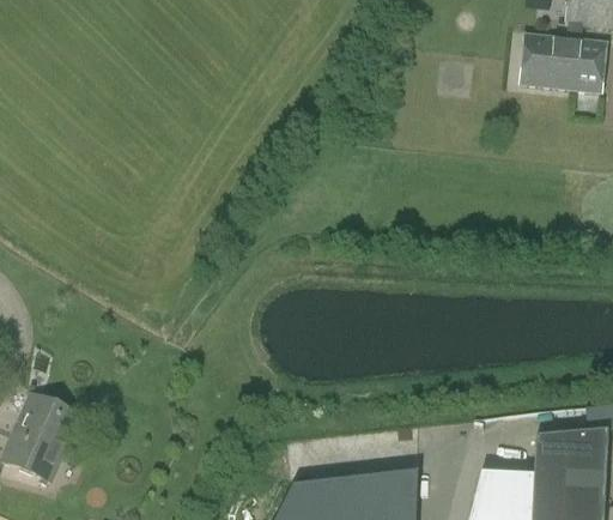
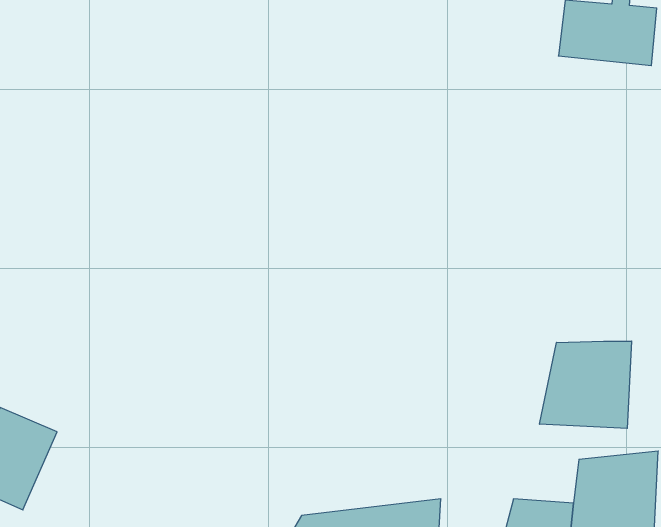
building: none -> [540,341,632,428]

